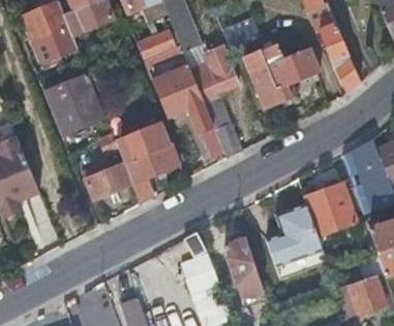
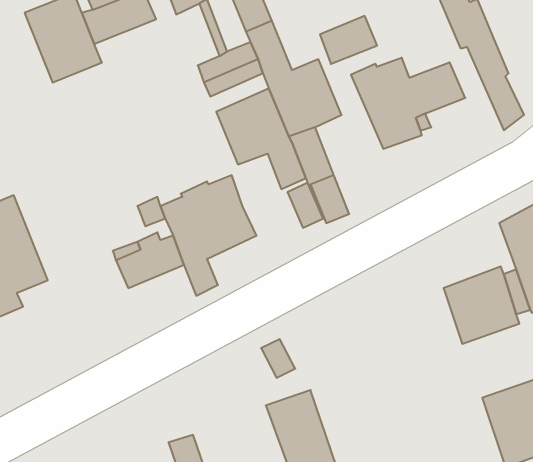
building: [43,74,103,142] -> none
building: [268,201,321,261] -> none
building: [223,239,266,306] -> none

